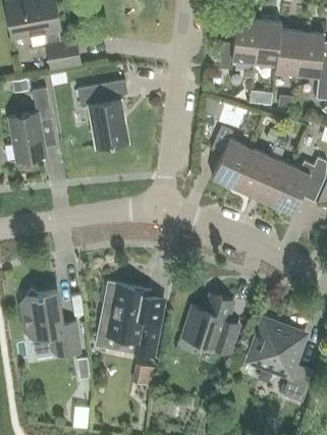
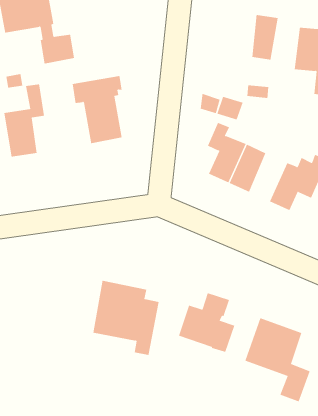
building: [219,18,259,68] -> none
building: [274,30,302,74] -> none
building: [253,146,289,205] -> none
building: [21,290,79,357] -> none

